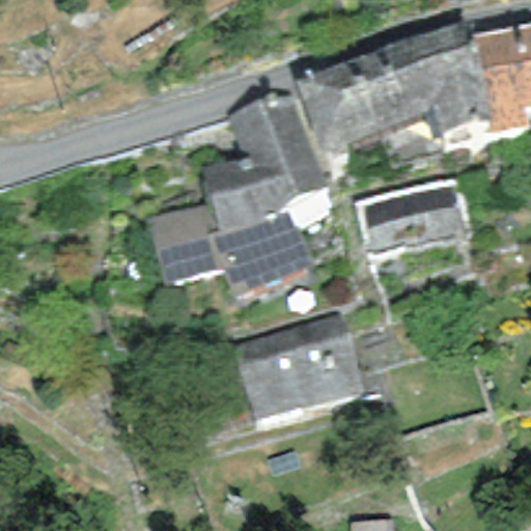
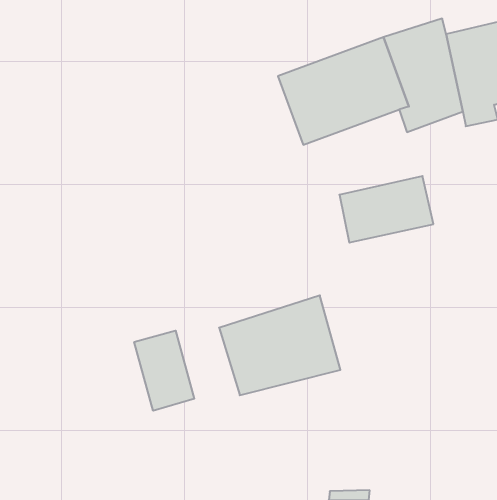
building: [148,93,328,294] -> none
building: none -> [134,331,194,411]

